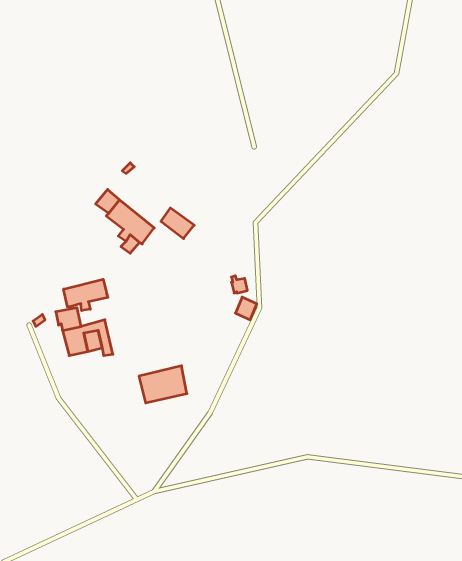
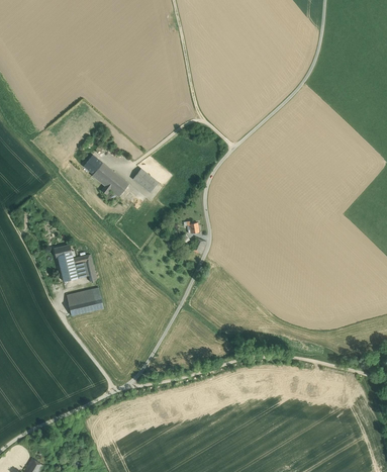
building: [64,279,108,311] -> none
building: [139,366,187,403] -> [67,287,103,315]

